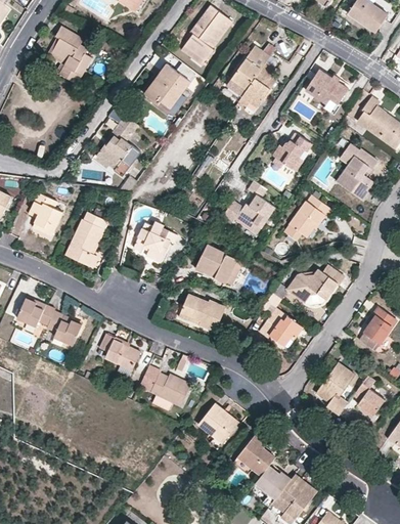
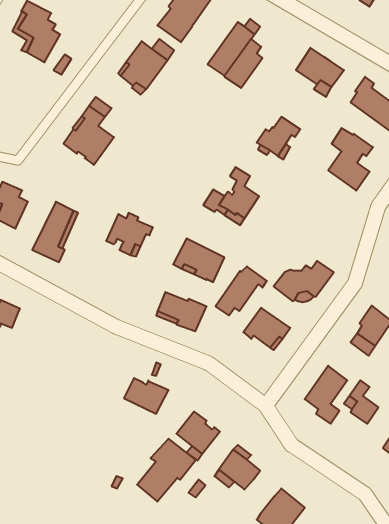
building: [284,195,331,241] -> [216,266,267,315]
building: [47,311,82,345] -> none
building: [100,333,140,377] -> none
building: none -> [137,439,196,502]
building: [256,466,288,497] -> none

